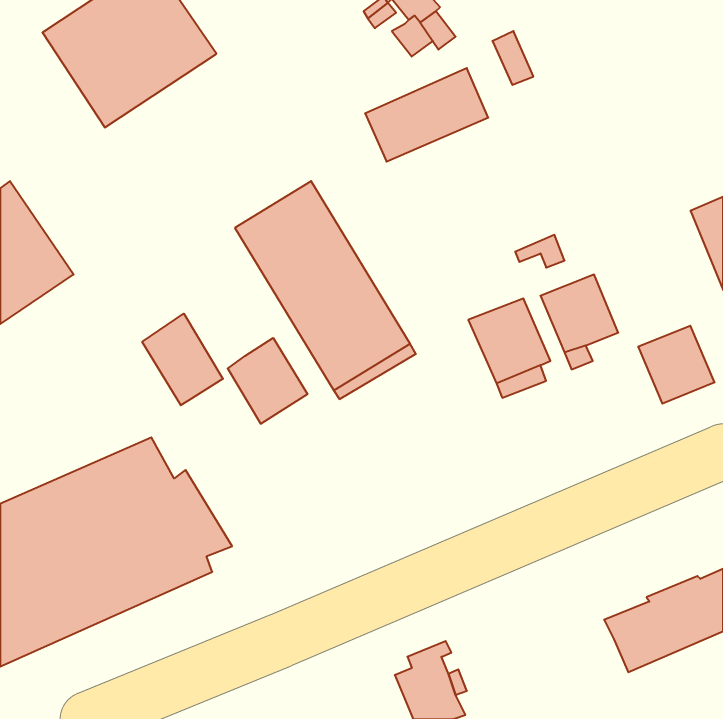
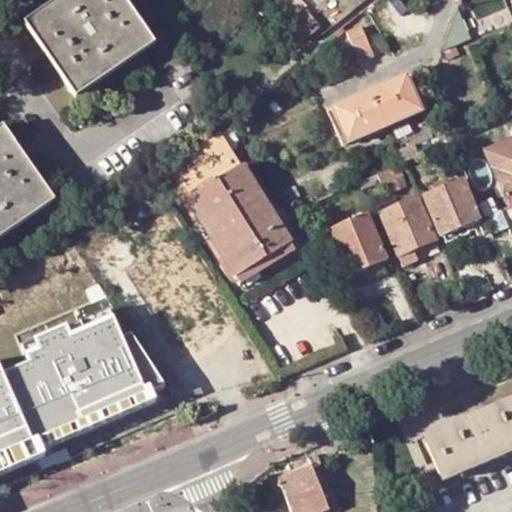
building: [365,68,488,162] -> [335,74,422,140]
building: [142,314,223,405] -> none
building: [638,326,715,404] -> [427,176,481,231]
building: [228,338,307,424] -> none

